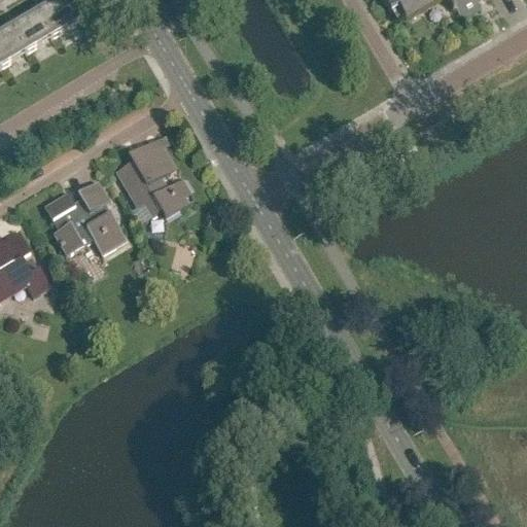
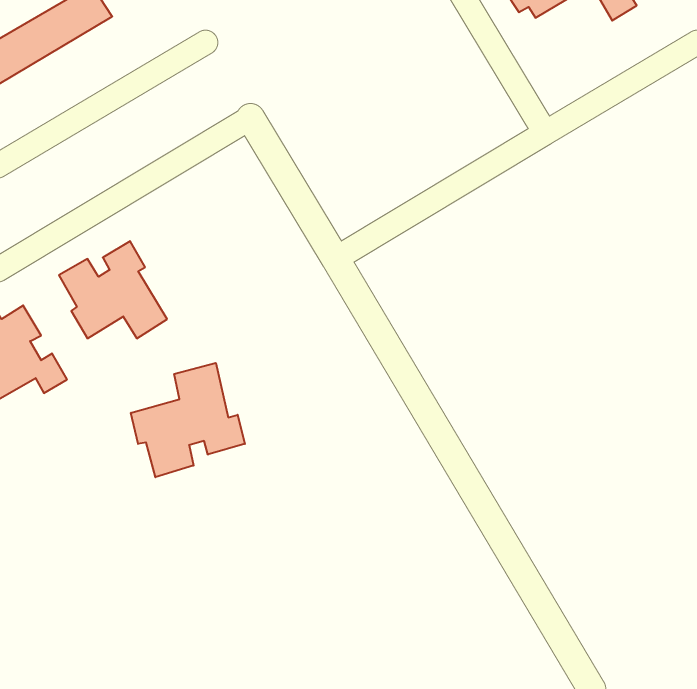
building: [115,135,195,219] -> none
building: none -> [131,363,245,477]

